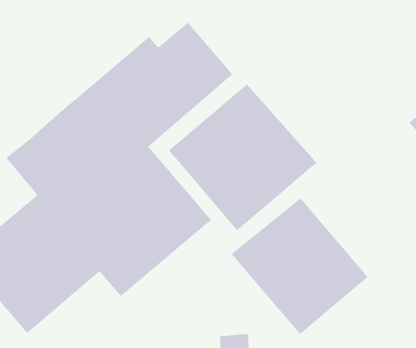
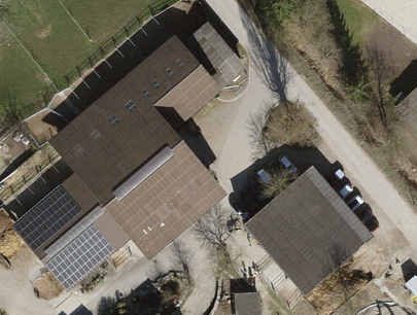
building: [168,83,317,231] -> none

